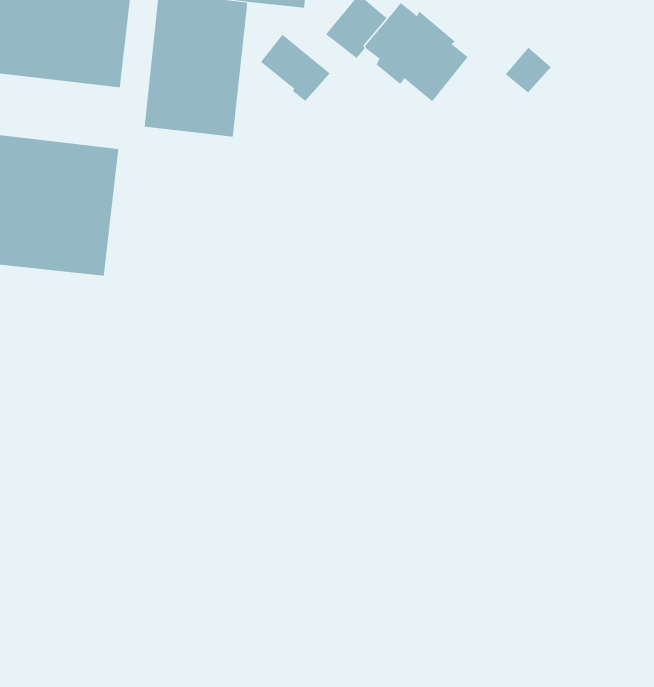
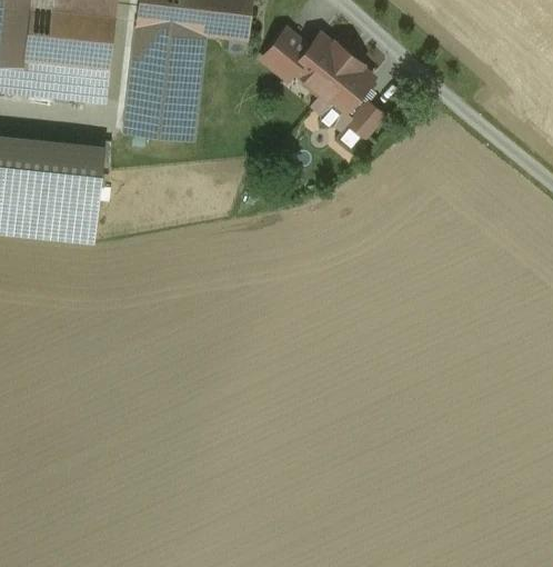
building: [260,34,330,102] -> none
building: [505,47,551,93] -> [348,100,383,136]

